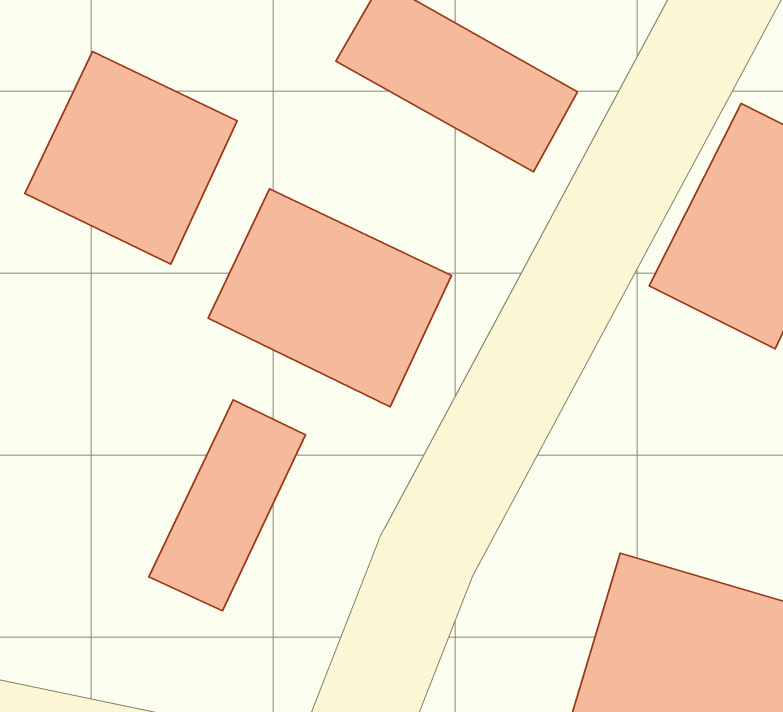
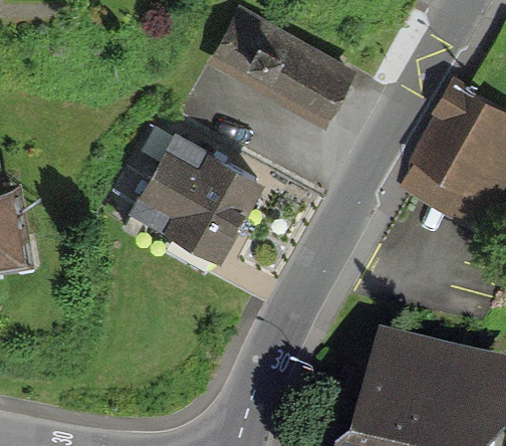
building: [25,52,237,264] -> none
building: [149,400,305,611] -> none

